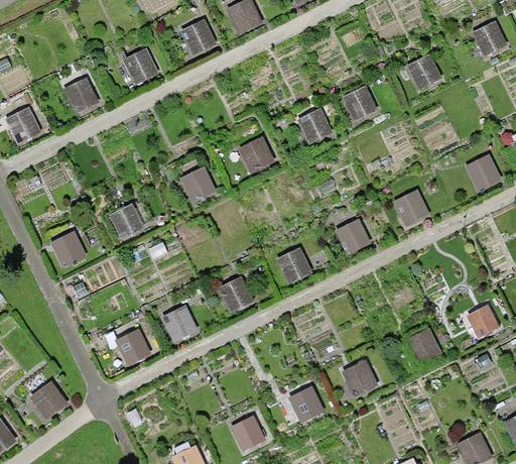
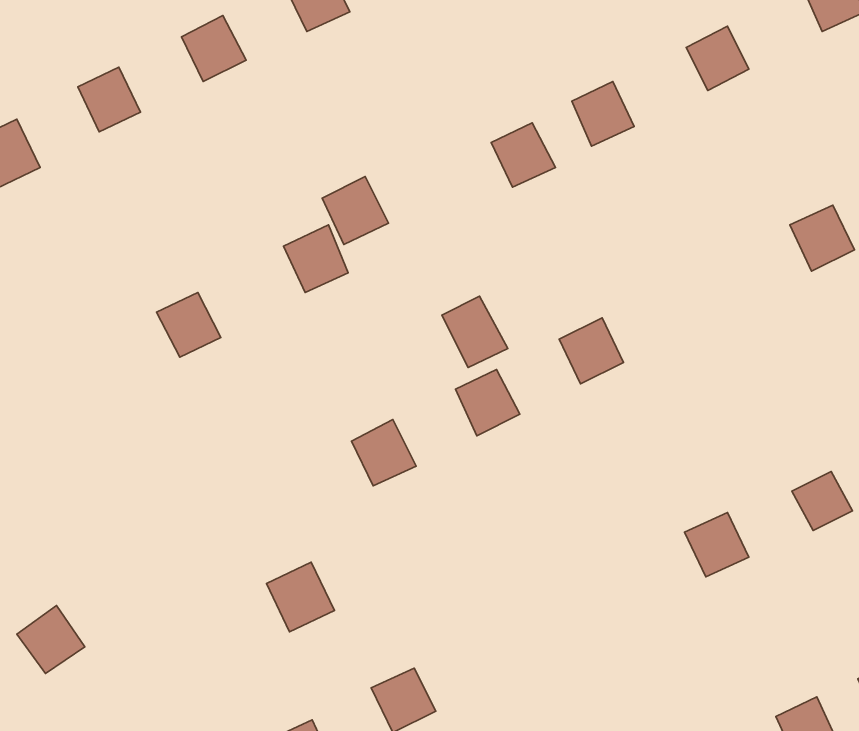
building: [238,136,275,175] -> [322,177,388,245]
building: [393,190,430,227] -> none
building: none -> [442,296,508,368]
building: [49,230,87,268] -> none
building: [160,305,199,344] -> [266,562,334,632]
building: [113,328,151,366] -> none
building: [341,359,378,398] -> none
building: [287,385,325,423] -> none

